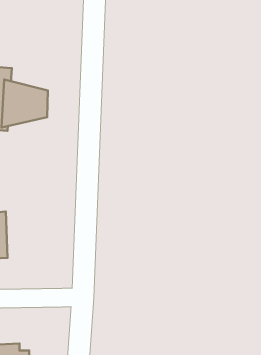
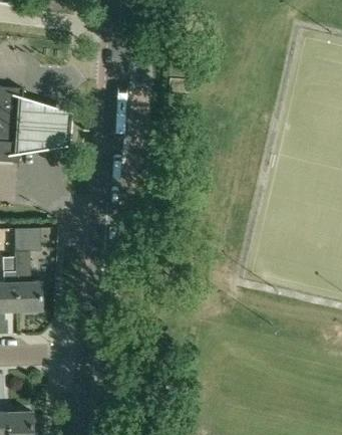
building: none -> [15,229,41,311]

